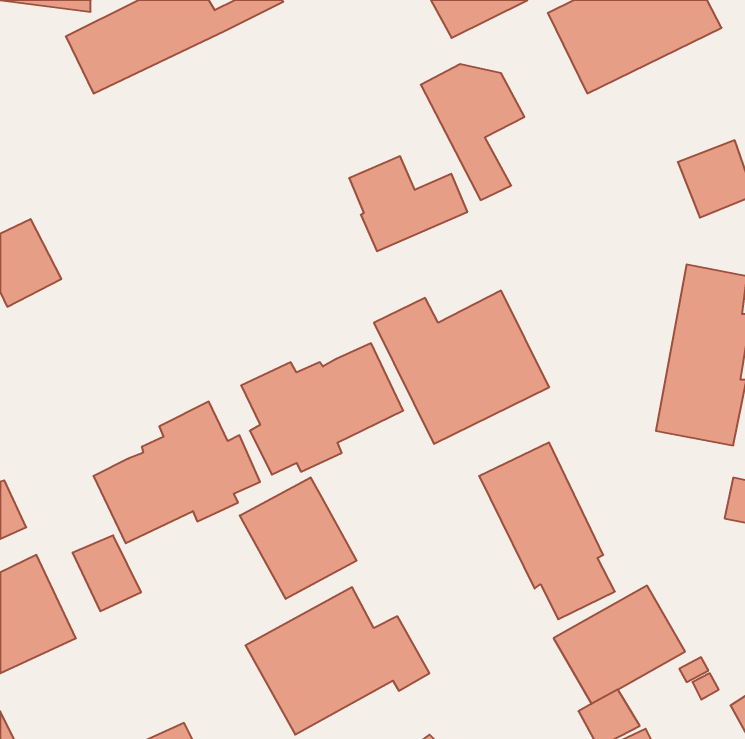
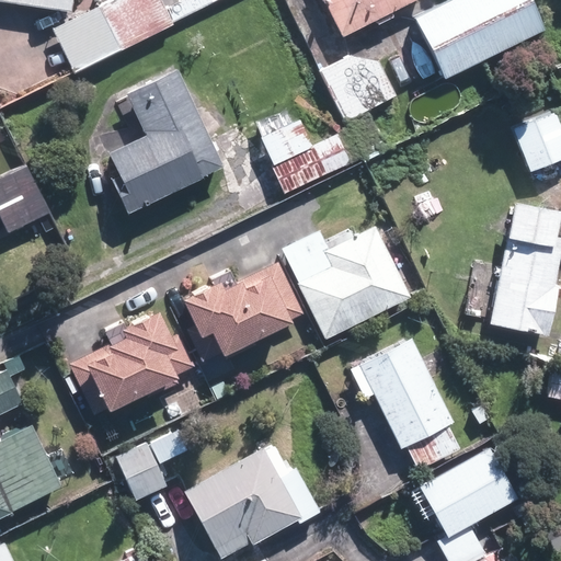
building: none -> [103,73,221,218]
building: [240,477,357,599] -> none
building: [72,535,141,611] -> [117,443,169,500]

